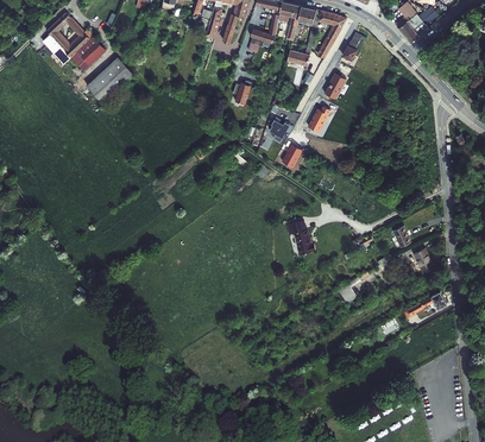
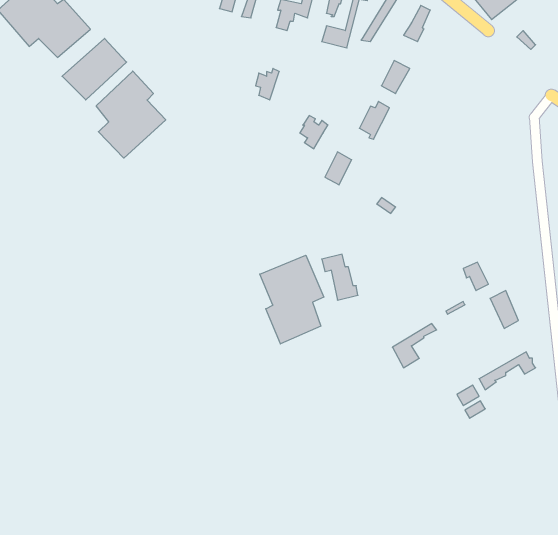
building: none -> [96,71,166,158]
building: none -> [260,255,324,344]

